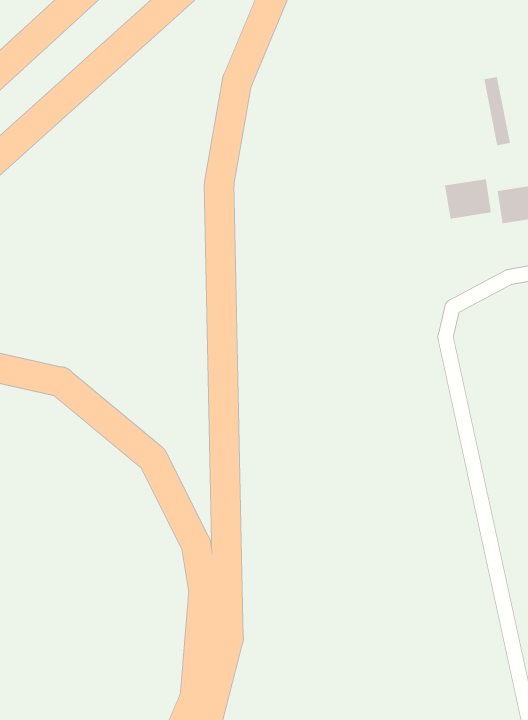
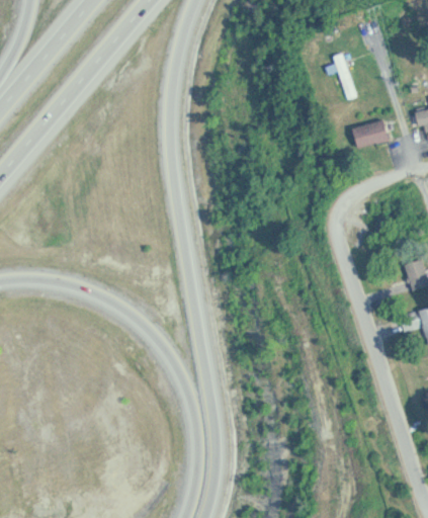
building: [445,178,492,219] -> none

